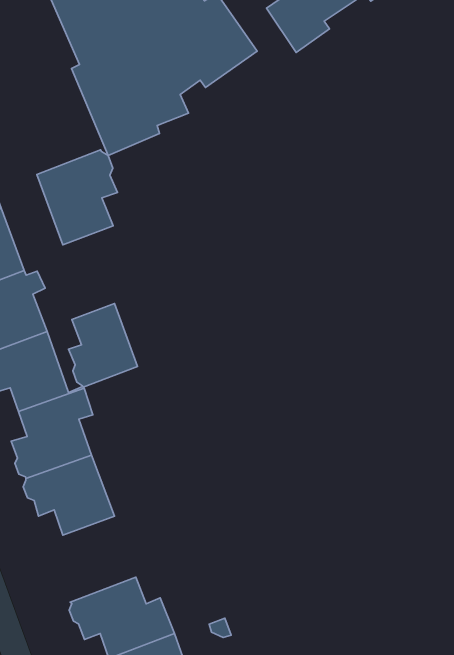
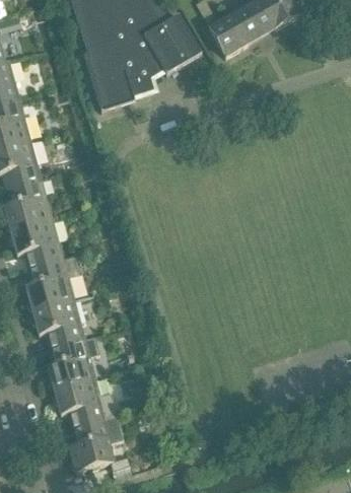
building: [37,150,117,245] -> none
building: [68,304,138,387] -> none
building: none -> [47,336,99,390]

